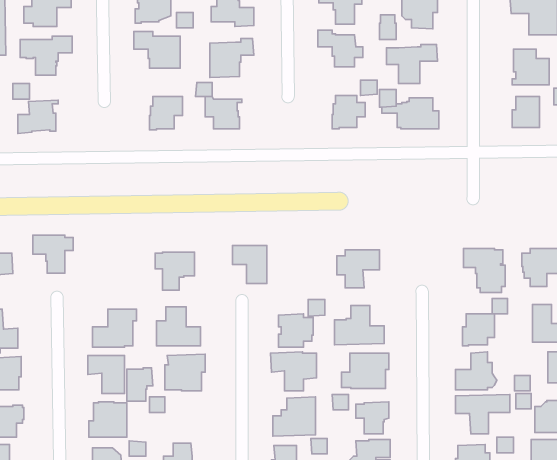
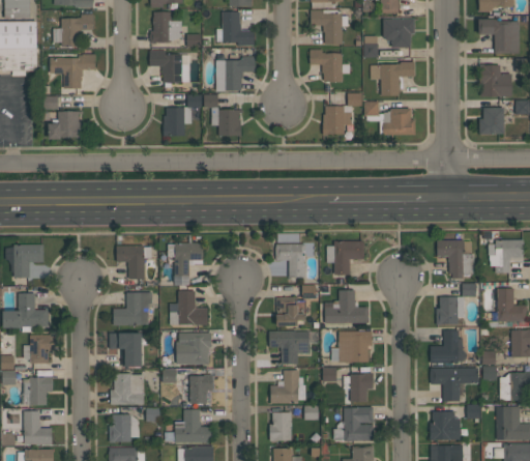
building: [33,235,73,273] -> [117,246,152,279]
building: [232,245,267,283] -> [276,244,306,278]
building: [127,368,153,401] -> [190,375,213,404]

